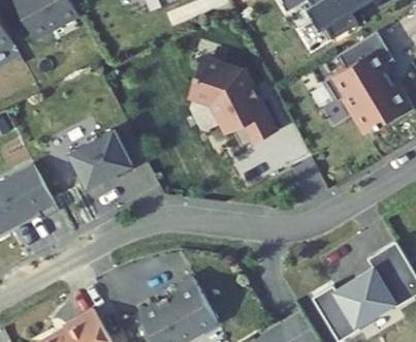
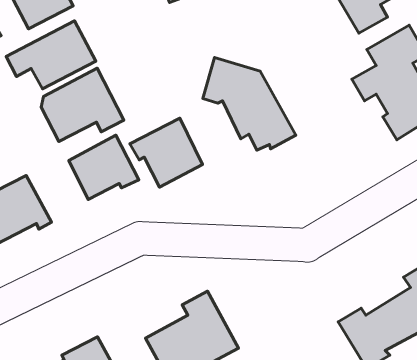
building: none -> [6,21,96,89]
building: none -> [41,68,124,142]
building: none -> [130,118,203,187]

